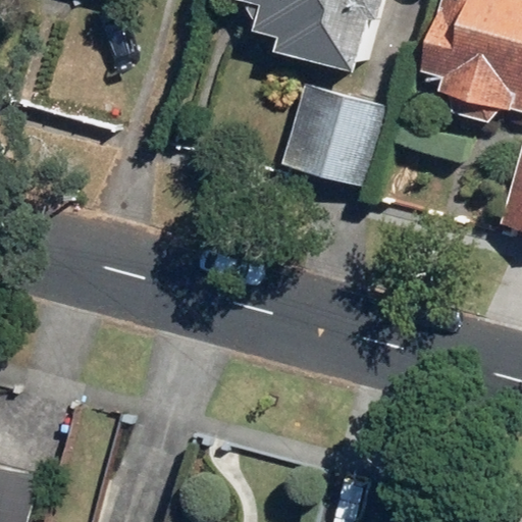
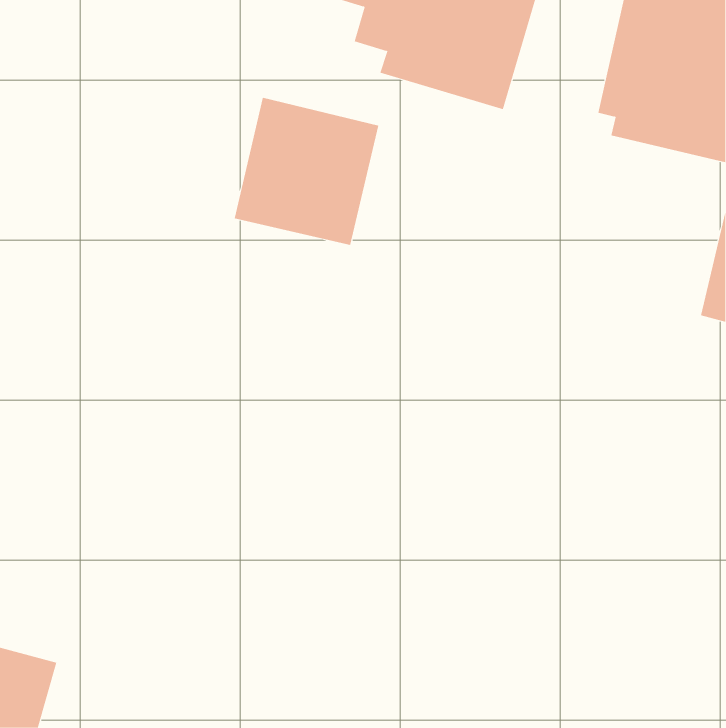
building: [284,81,388,187] -> [234,97,379,245]

